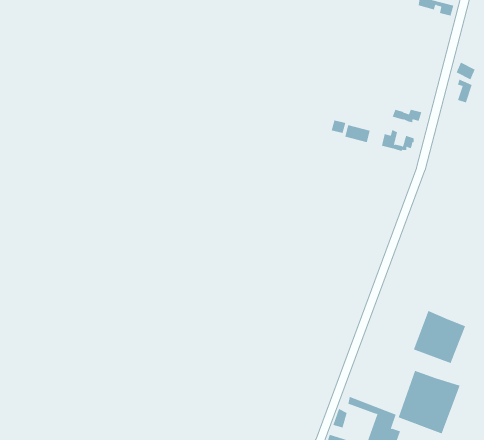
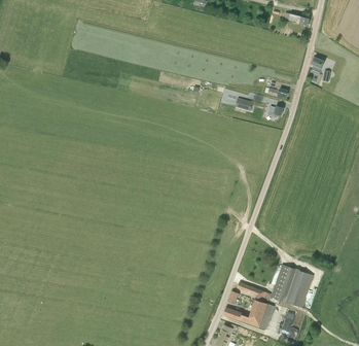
building: [413,310,466,364] -> none

